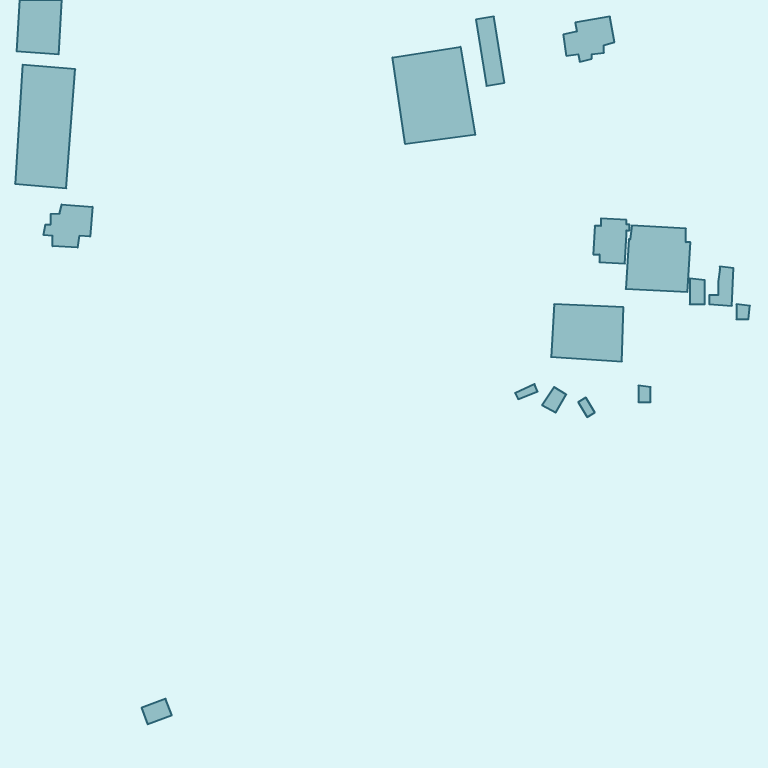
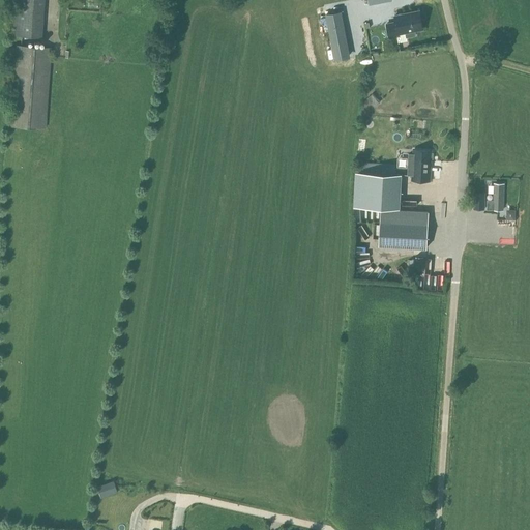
building: [393,47,475,144] -> none
building: [44,204,92,248] -> none
building: [626,226,690,292] -> [355,164,400,209]

